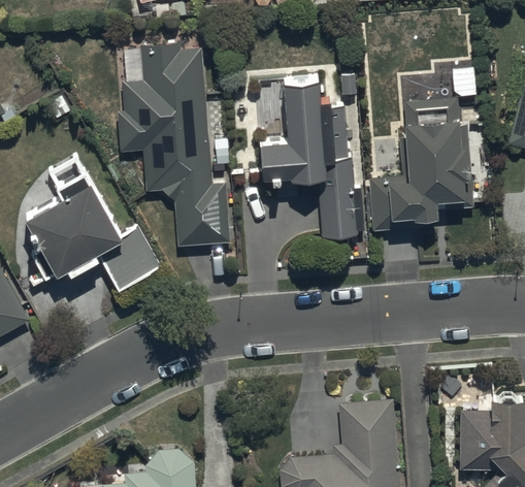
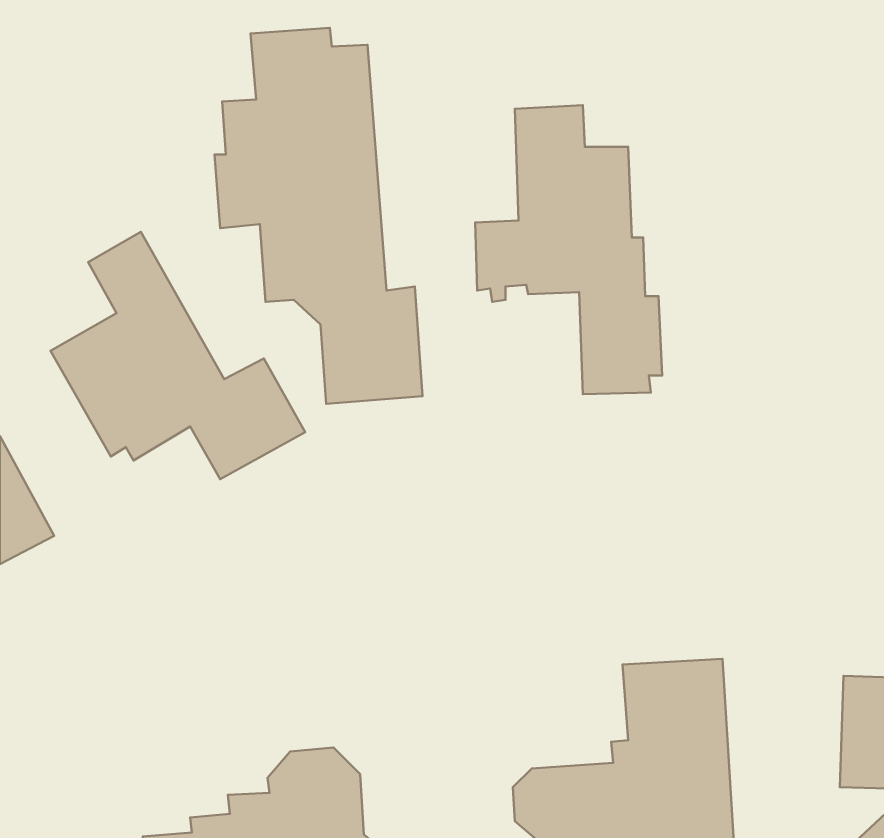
building: [368,66,474,232] -> none

